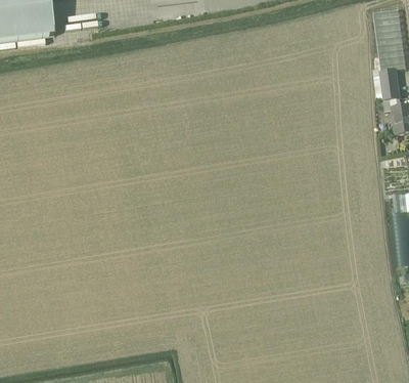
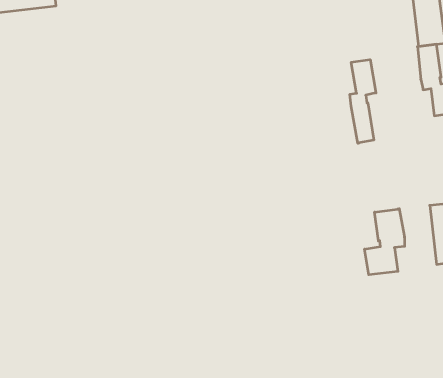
building: none -> [350,60,376,143]
building: none -> [365,209,405,275]

